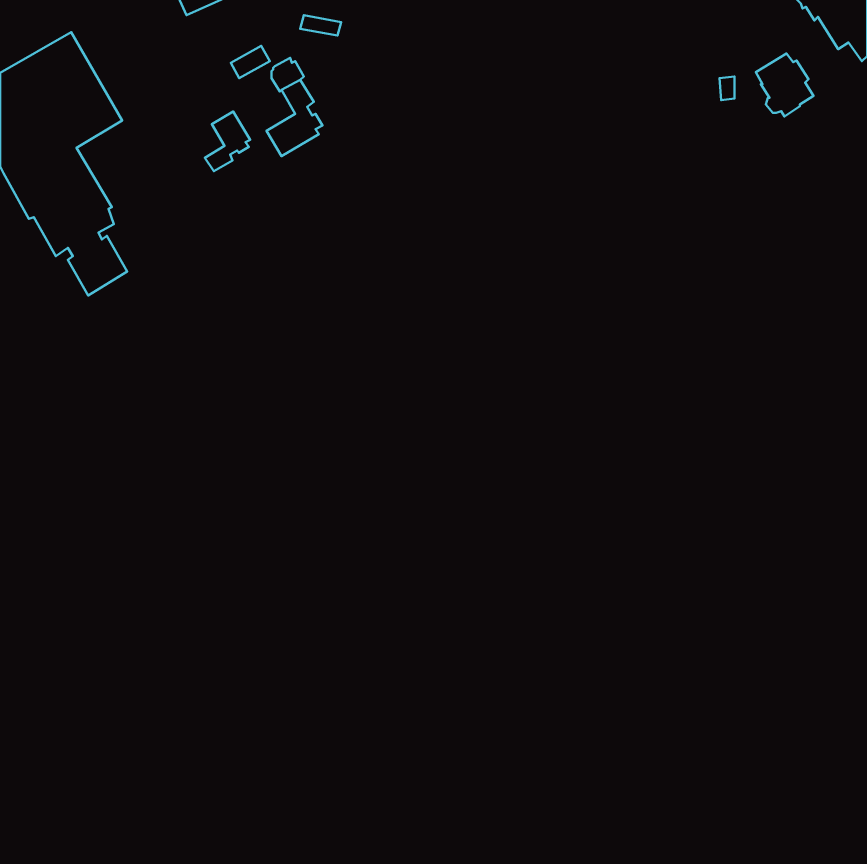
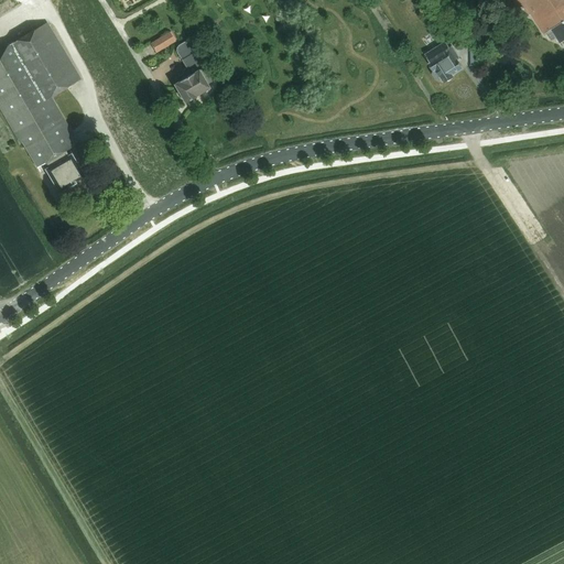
building: [756,54,813,116] -> [424,41,462,82]
building: [205,111,250,171] -> none

